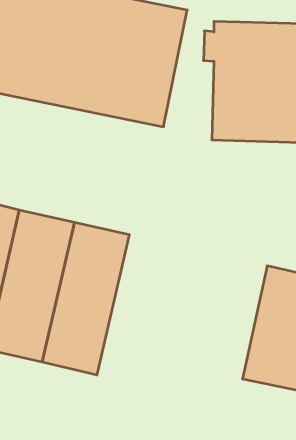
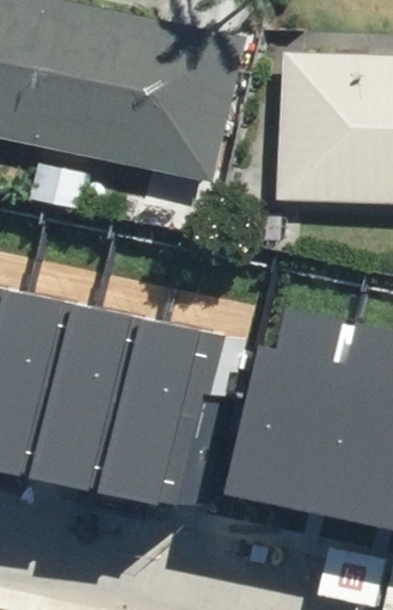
building: none -> [129,321,239,513]
building: none -> [244,346,343,502]

